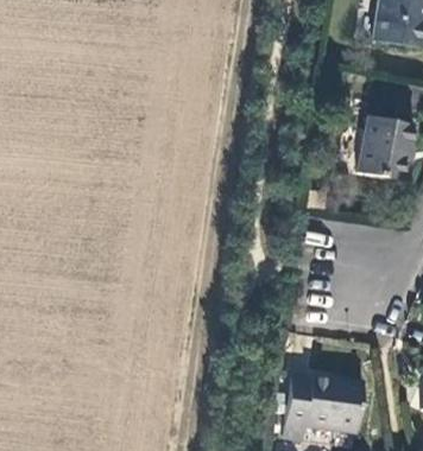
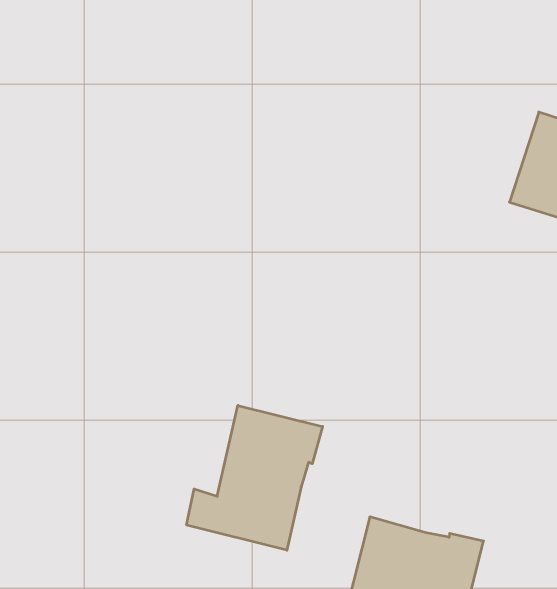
building: none -> [187,405,323,550]

